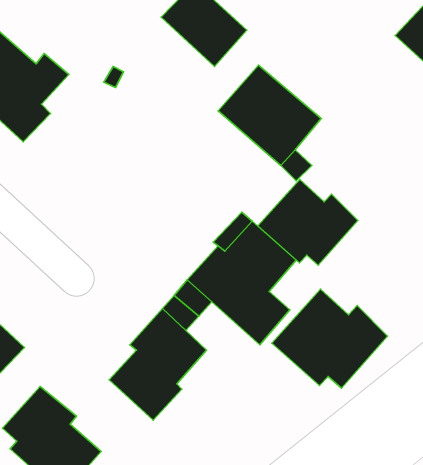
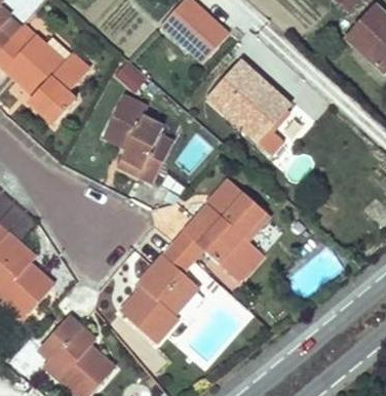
building: none -> [104,96,172,181]
building: [258,180,358,265] -> none
building: [272,289,387,388] -> none

